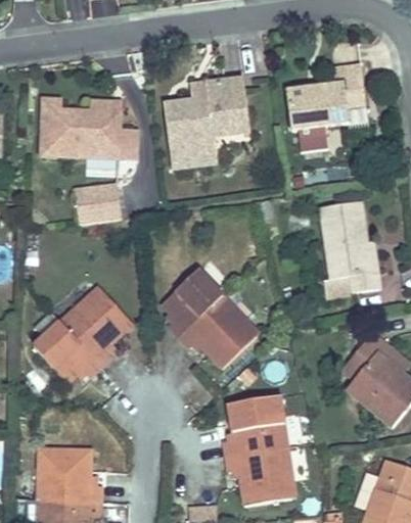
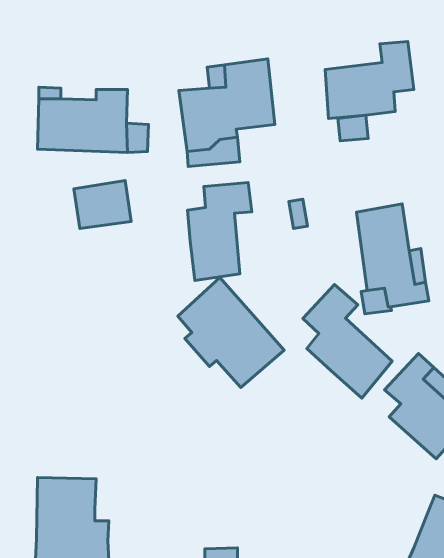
building: none -> [187,182,252,280]
building: none -> [303,284,392,398]
building: [32,284,134,382] -> none
building: [223,390,298,502] -> none

